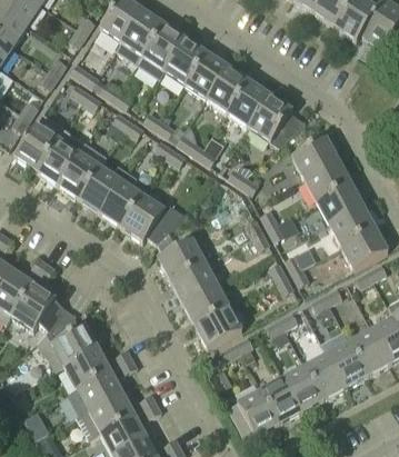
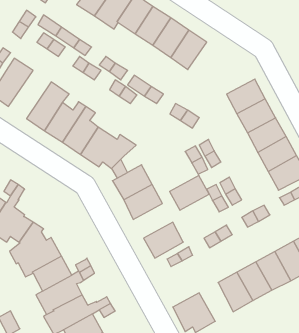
building: [247,95,305,147] -> none
building: [36,128,86,185] -> none
building: [182,285,229,326] -> [170,175,209,210]
building: [260,378,300,424] -> none

